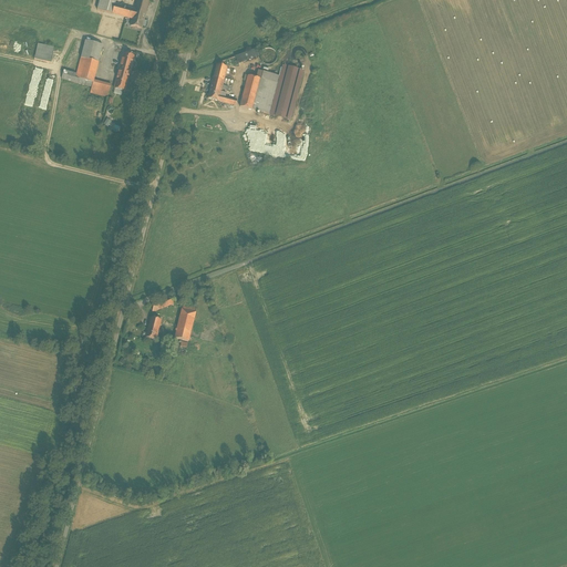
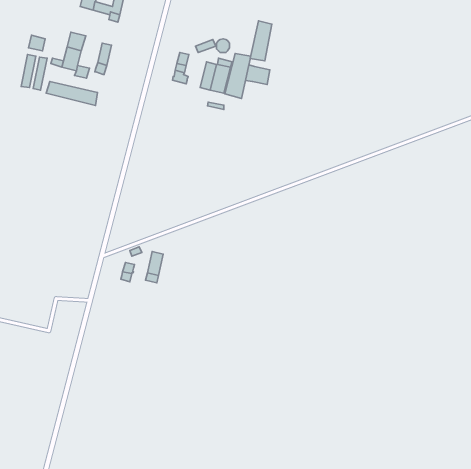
building: none -> [250,21,272,61]
building: none -> [245,65,270,85]
building: none -> [46,81,98,105]

